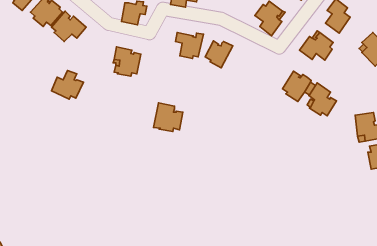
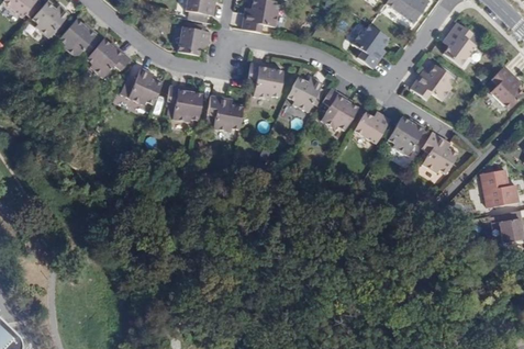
building: none -> [320,88,357,131]
building: none -> [353,112,389,143]
building: [51,70,83,99] -> [120,67,161,104]
building: [153,103,183,132] -> [203,94,242,132]

